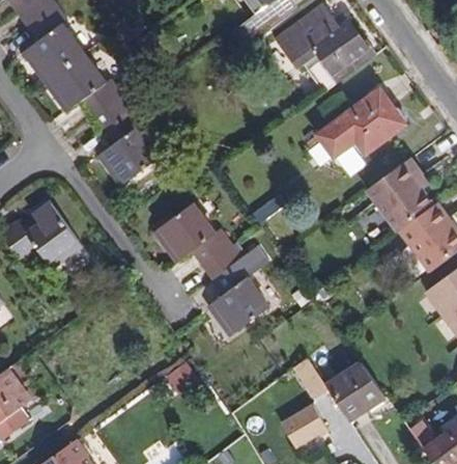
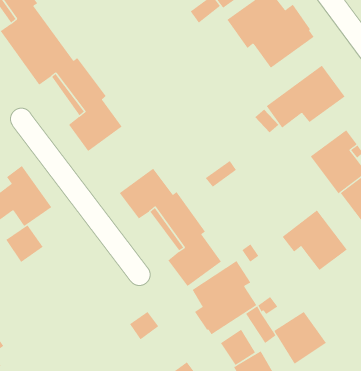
building: none -> [282,210,347,271]
building: none -> [6,224,43,263]
building: none -> [192,260,257,335]
building: none -> [220,329,256,366]

